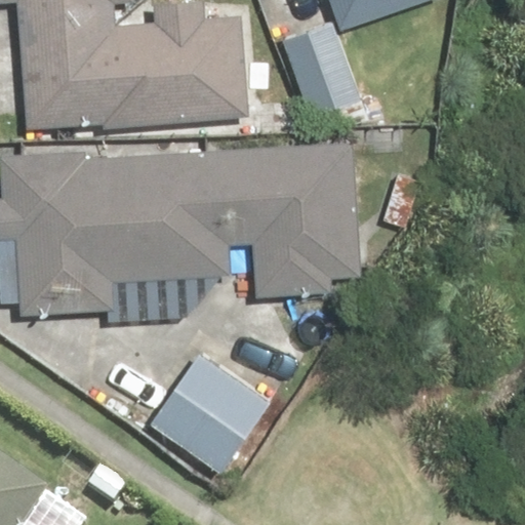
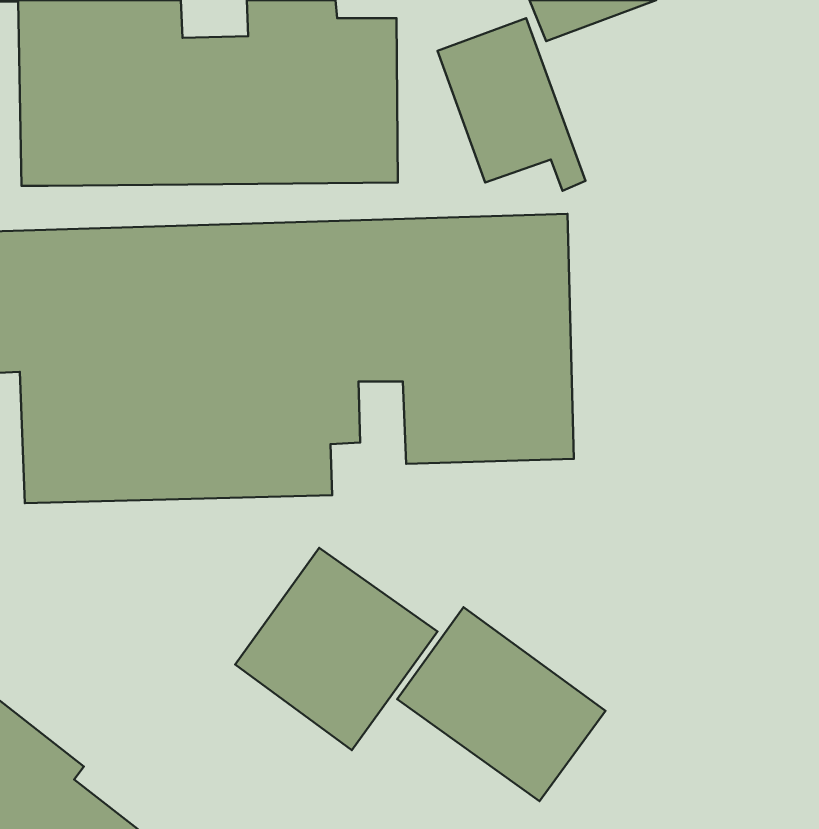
building: none -> [397,607,605,801]

